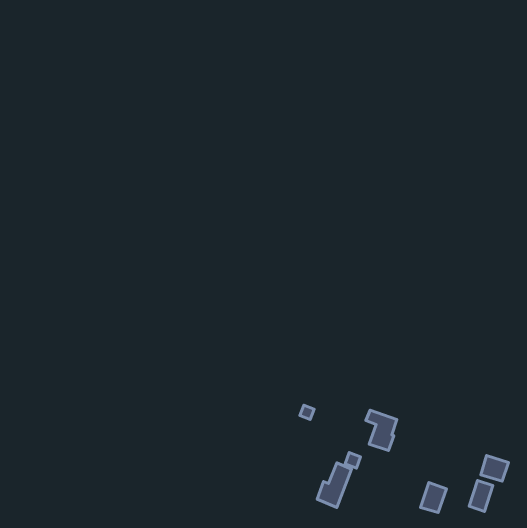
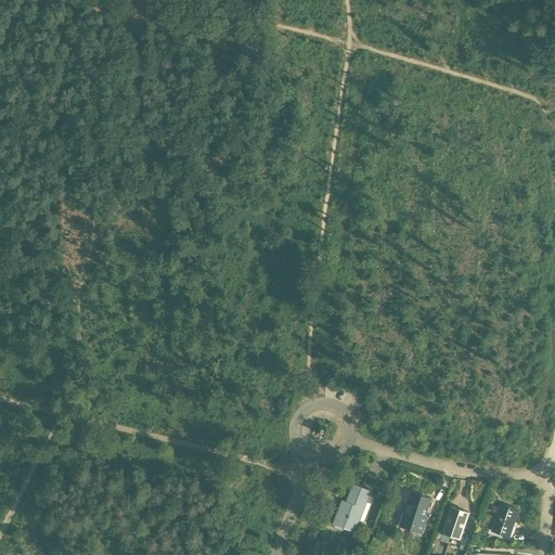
building: [366,410,397,450] -> [396,490,428,532]
building: [481,455,509,481] -> none

